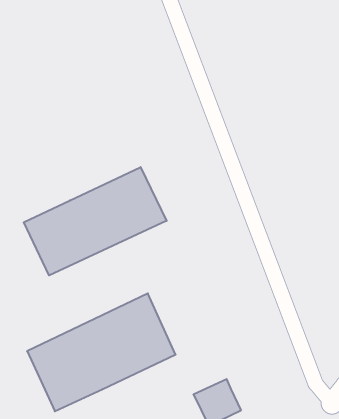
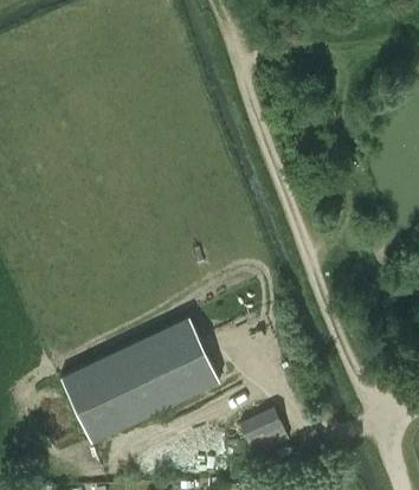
building: [24,167,167,275] -> none

